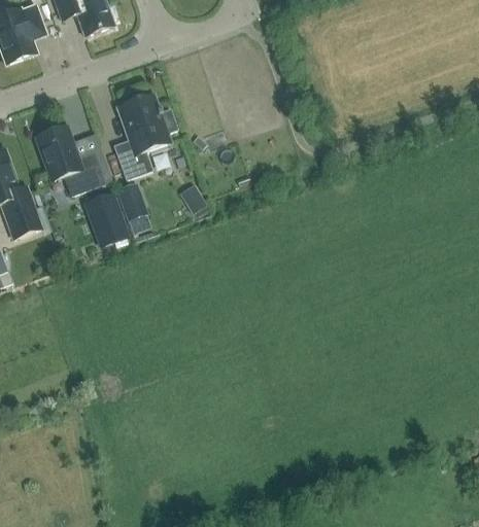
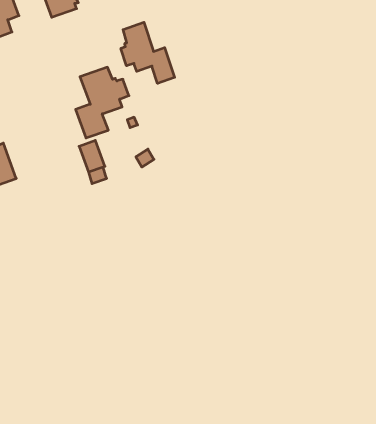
building: none -> [121,22,175,83]
building: [36,125,97,195] -> none
building: [85,192,129,245] -> none

